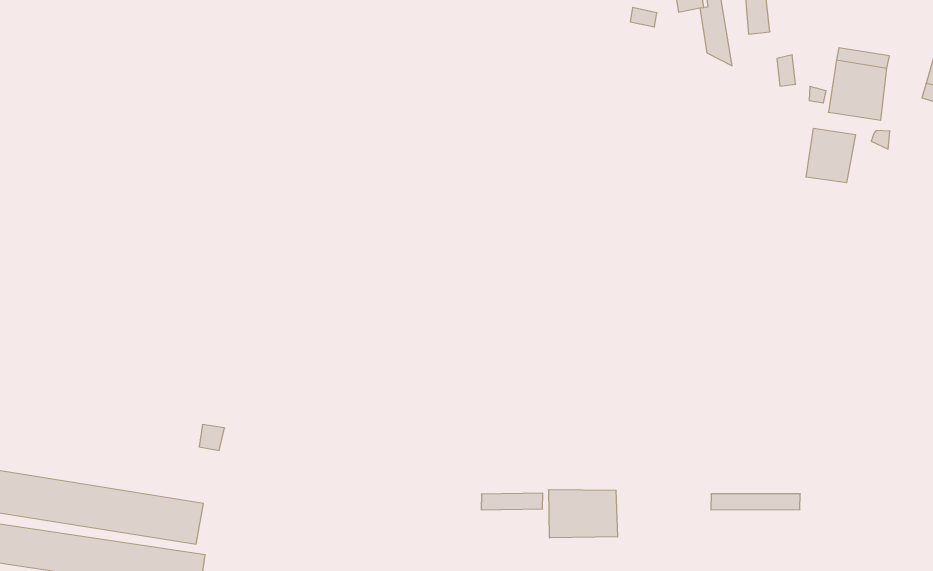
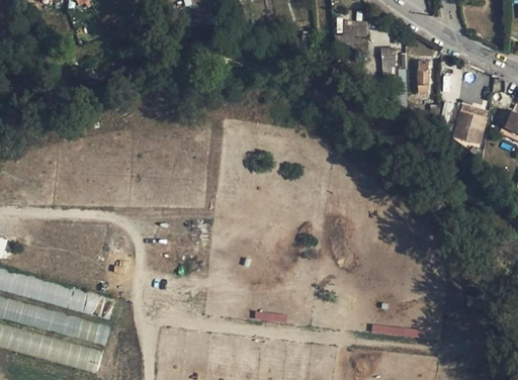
building: [806,128,855,183] -> none
building: [549,490,617,538] -> none

